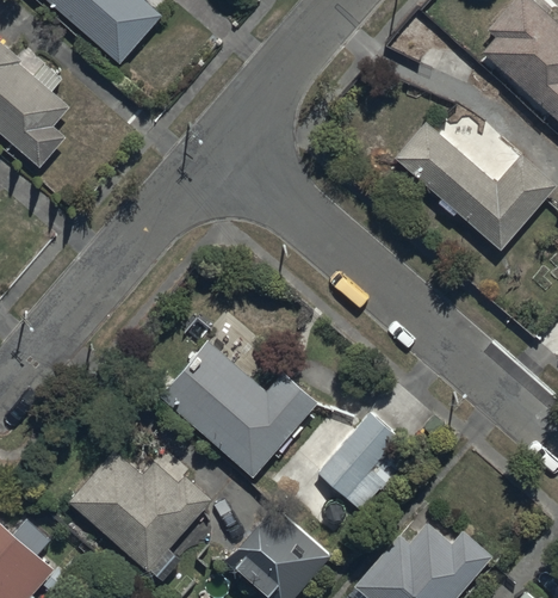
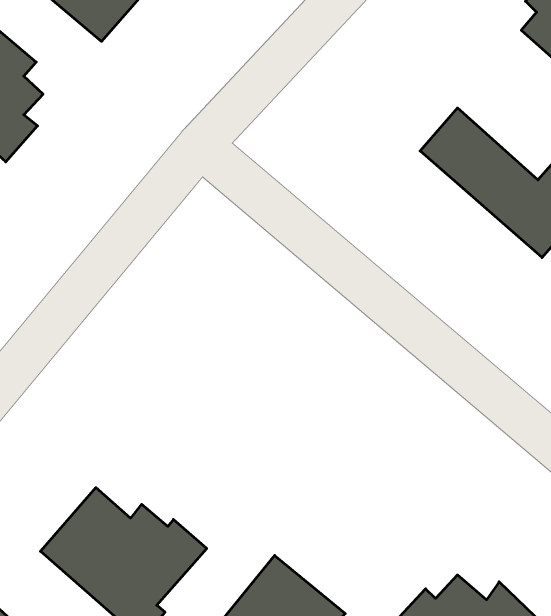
building: [157,341,317,482] -> none
building: [316,414,405,519] -> none

